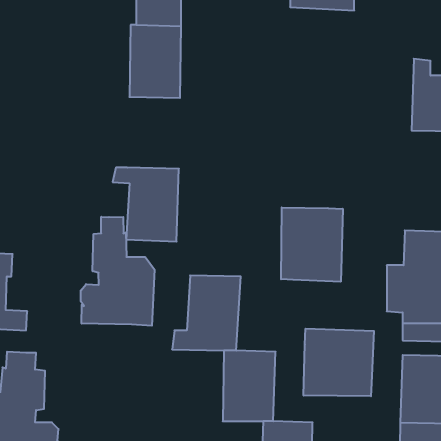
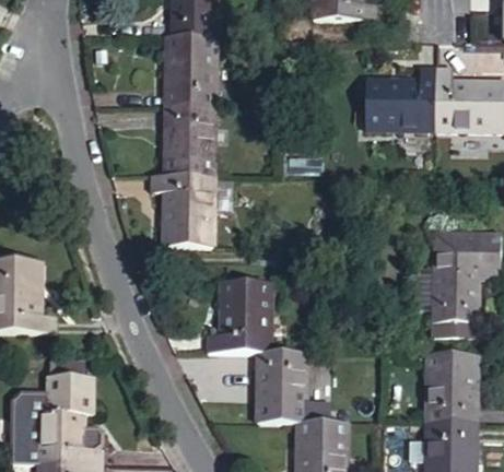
building: none -> [371,66,442,137]
building: none -> [163,104,214,174]
building: [281,207,343,282] -> none
building: [81,217,155,326] -> none
building: [304,329,374,396] -> none

